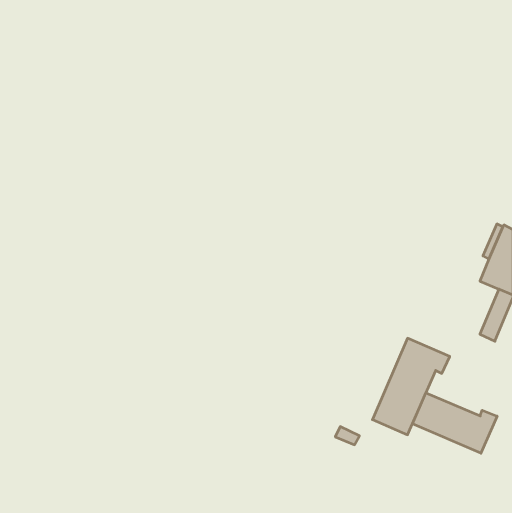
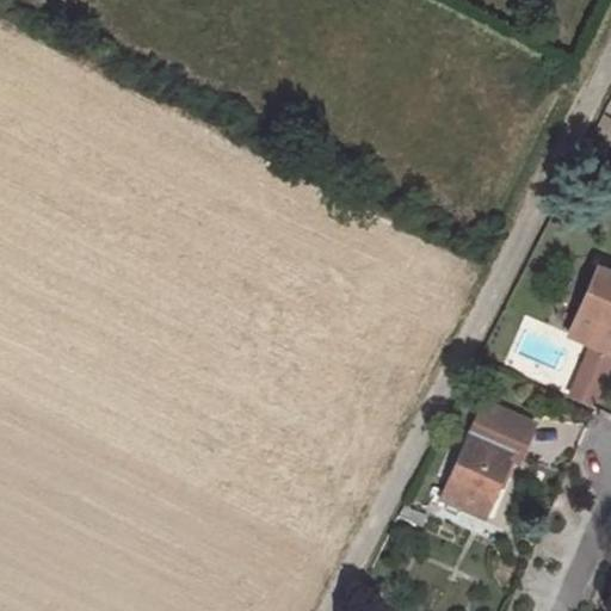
building: [412,393,497,453] -> none

